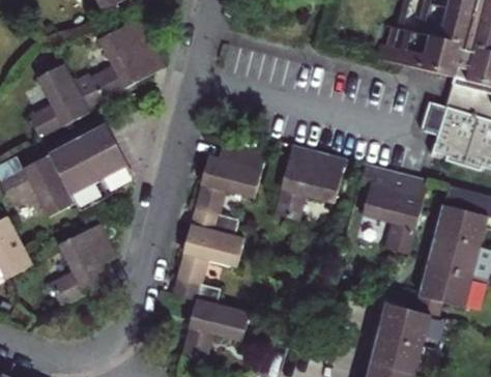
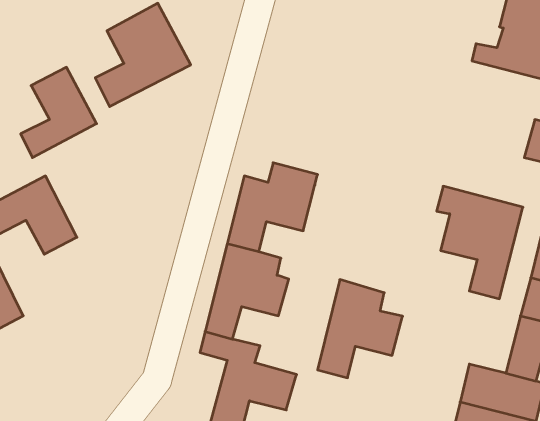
building: [49,123,135,209] -> none
building: [272,141,340,219] -> [318,280,403,378]
building: [47,221,116,304] -> none

